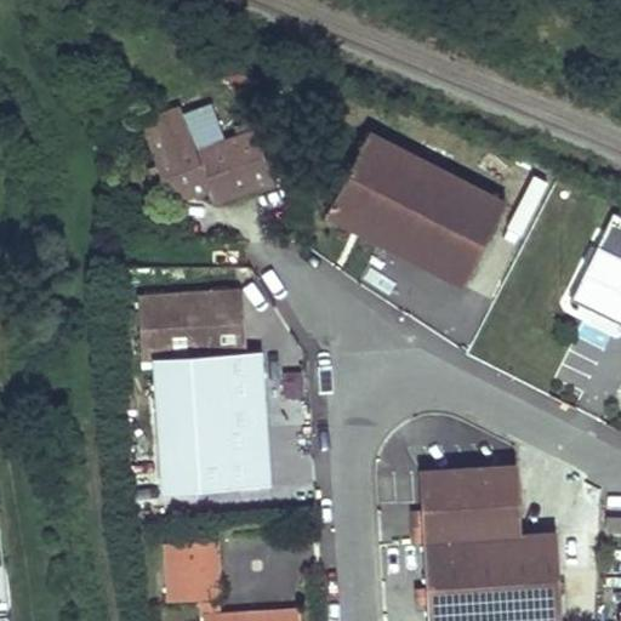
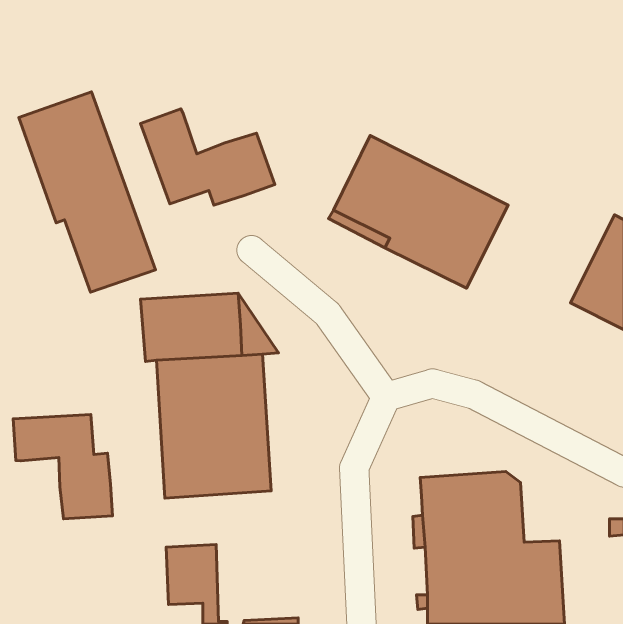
building: none -> [19,92,156,292]
building: [183,104,224,153] -> none
building: none -> [13,414,113,519]

